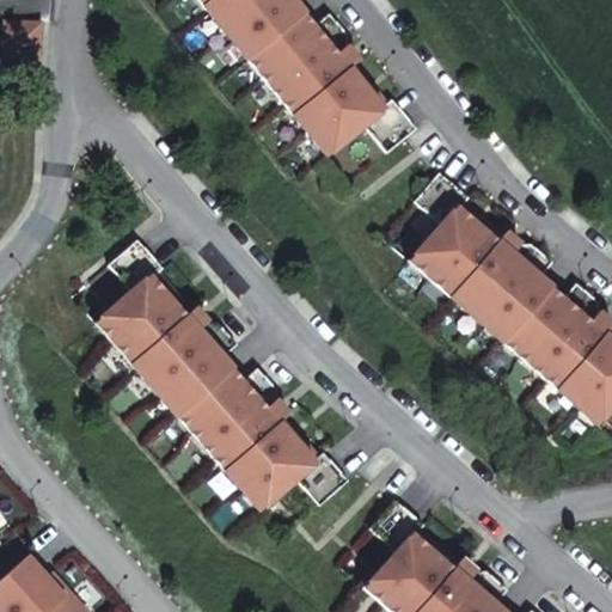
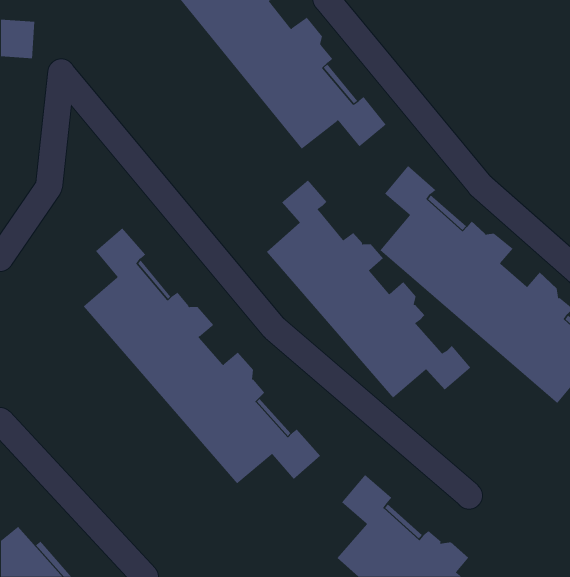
building: none -> [266,179,471,398]

